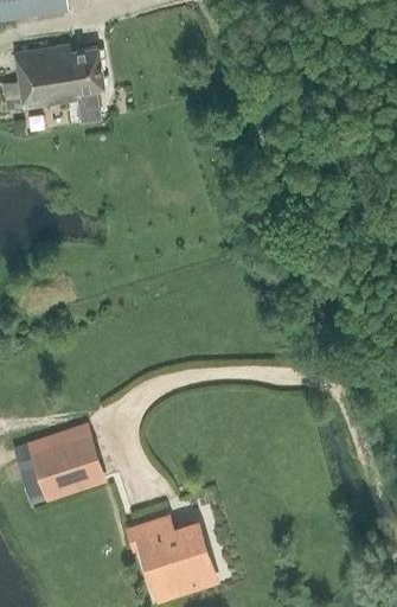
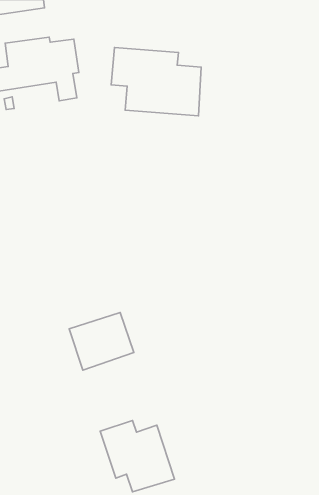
building: none -> [111,47,201,116]
building: [27,432,105,501] -> [69,312,134,370]

